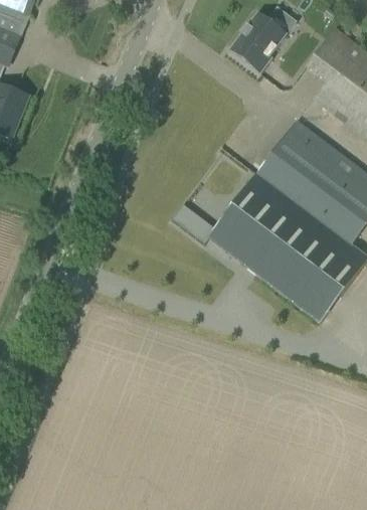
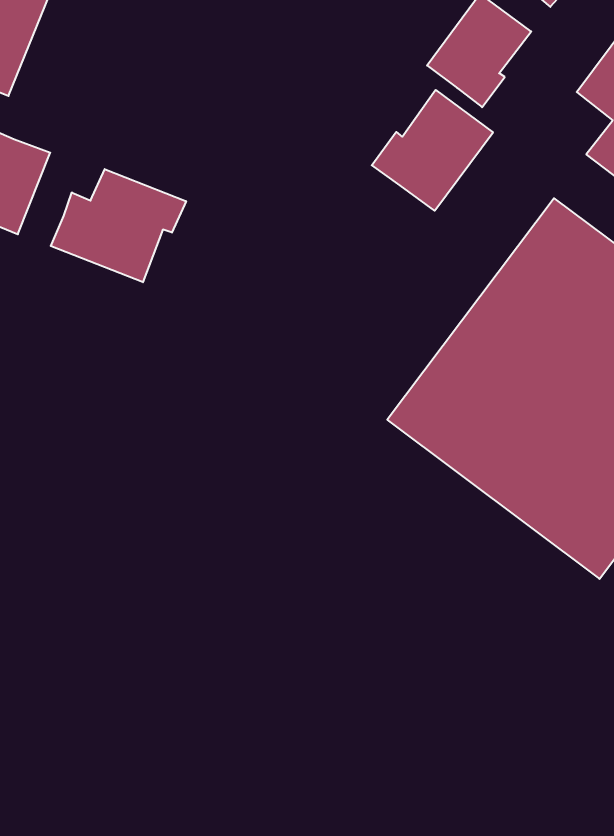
building: none -> [372,90,493,211]
building: none -> [51,169,186,282]

